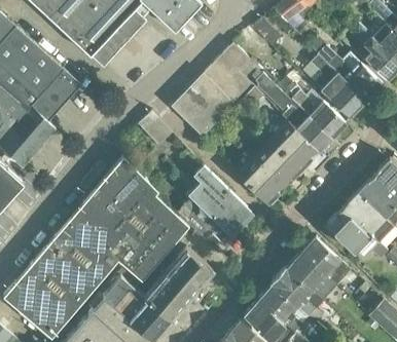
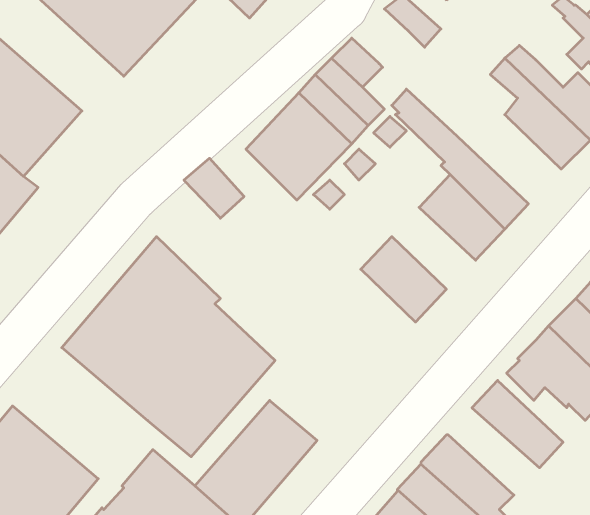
building: [292,91,346,138] -> none
building: [255,140,302,186] -> none
building: [177,167,251,240] -> none
building: [41,219,117,293] -> none
building: [287,253,338,302] -> none

